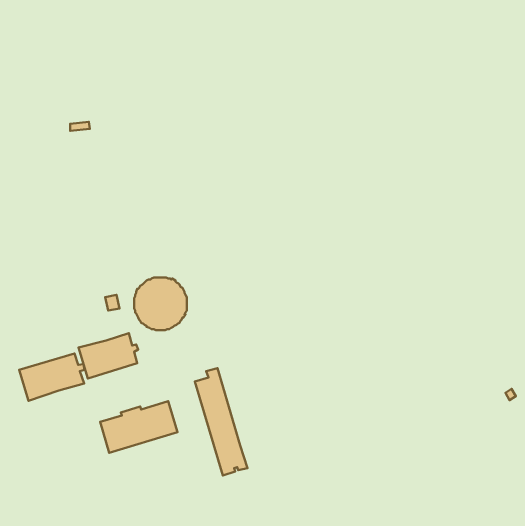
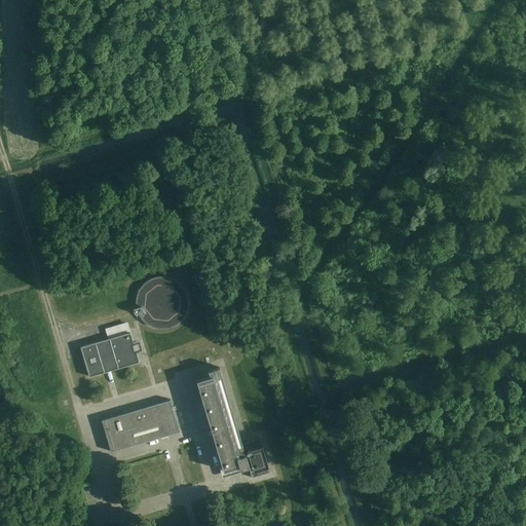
building: [19,354,84,401] -> none
building: none -> [239,440,267,479]

